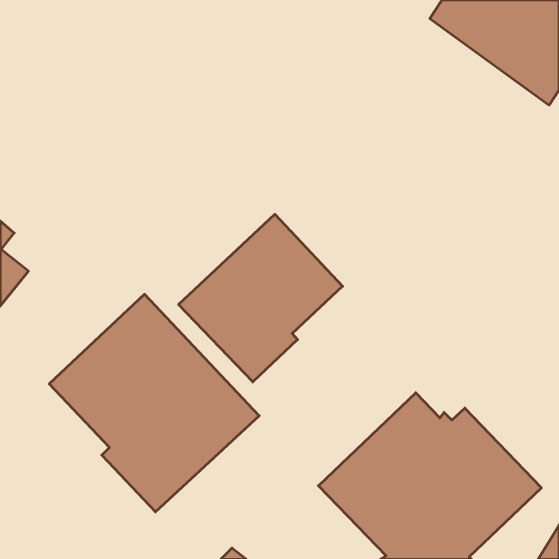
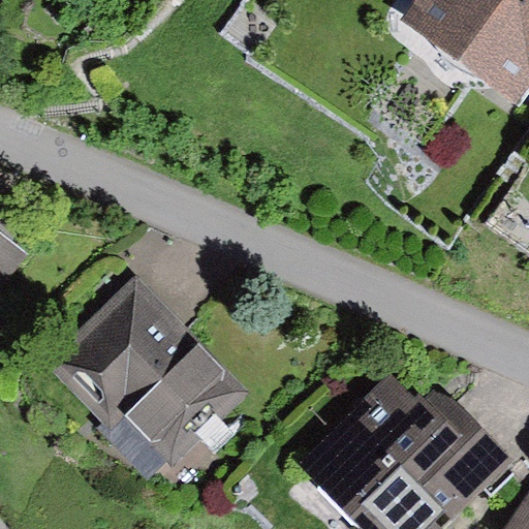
building: [179,214,343,382] -> none

